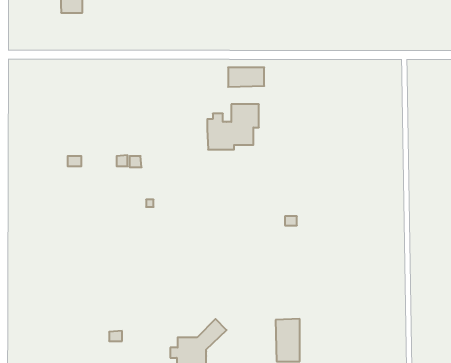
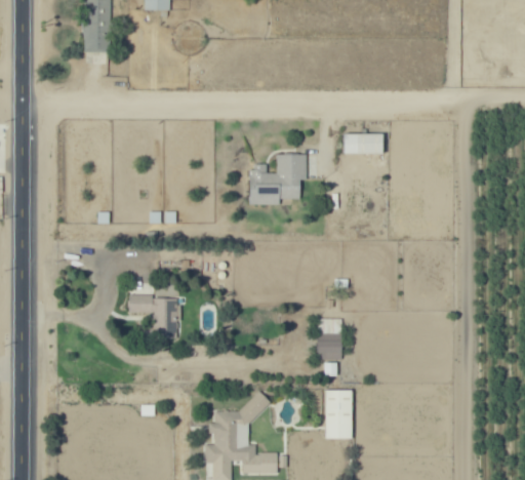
building: [228,67,264,87] -> [344,133,383,155]
building: none -> [127,293,176,337]
building: none -> [317,318,342,359]

